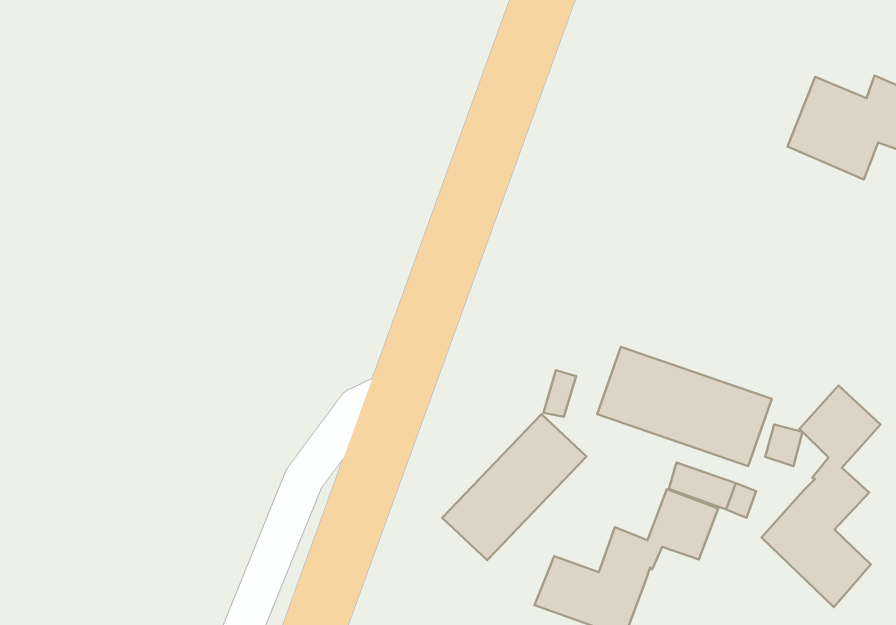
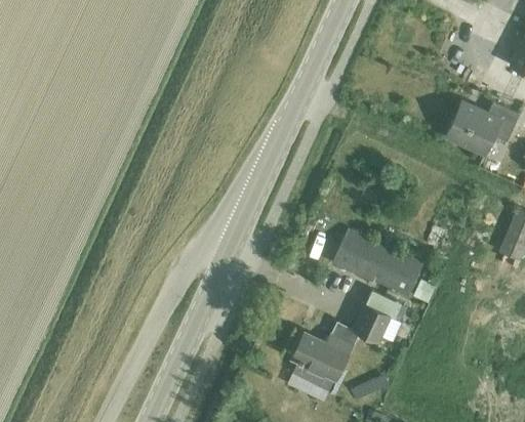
building: [762,385,881,607] -> none
building: [442,414,587,560] -> none

